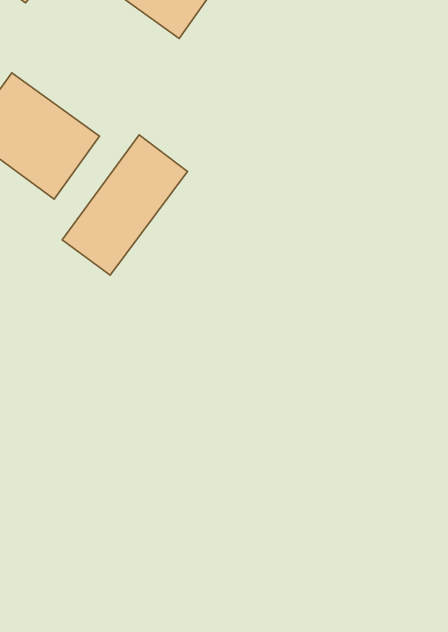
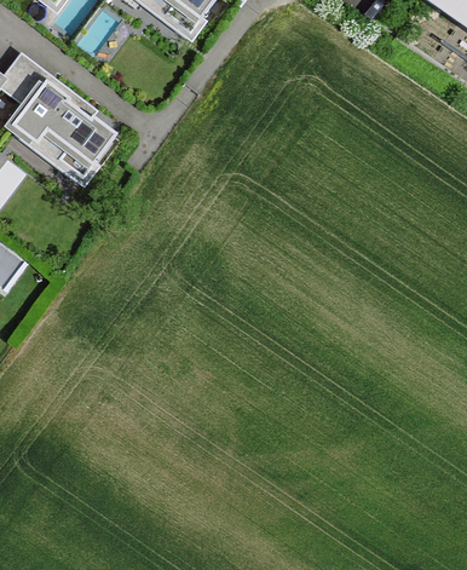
building: [62,135,187,275] -> none

